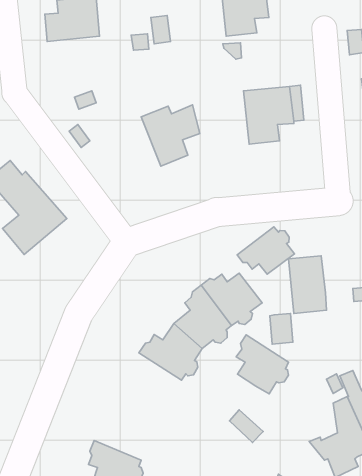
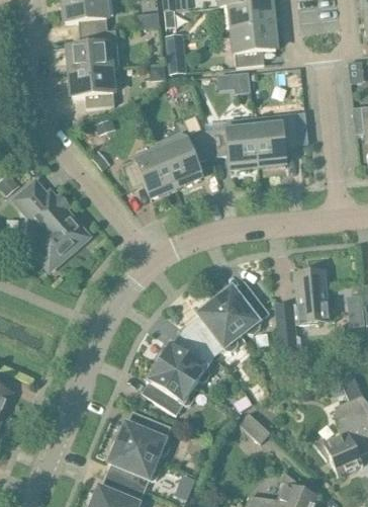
building: none -> [70,67,118,108]
building: none -> [204,117,257,169]
building: none -> [120,142,175,197]
building: [237,227,295,274] -> none
building: [236,335,289,394] -> [146,360,194,415]
building: none -> [113,414,170,459]

